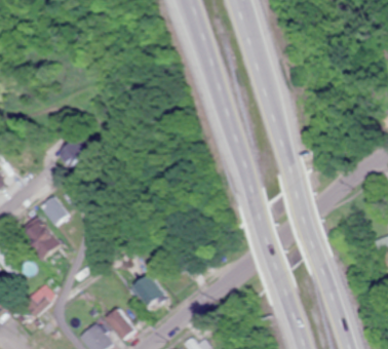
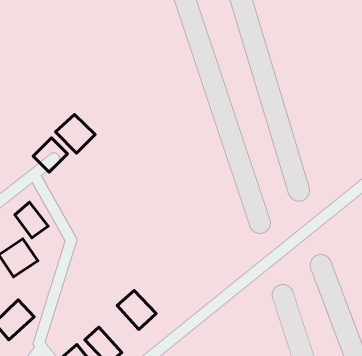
building: none -> [55,115,95,153]

